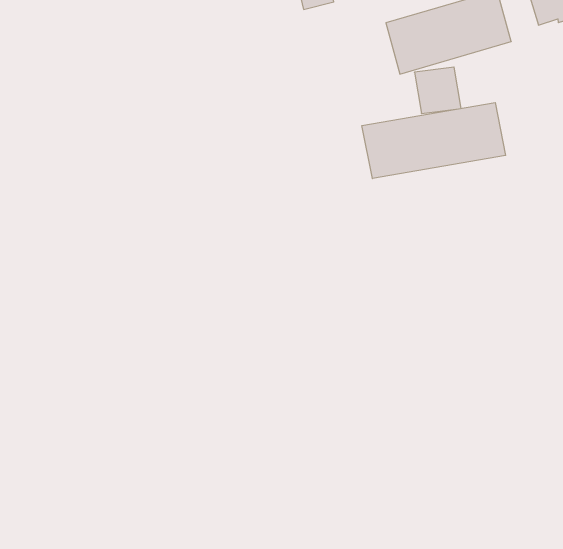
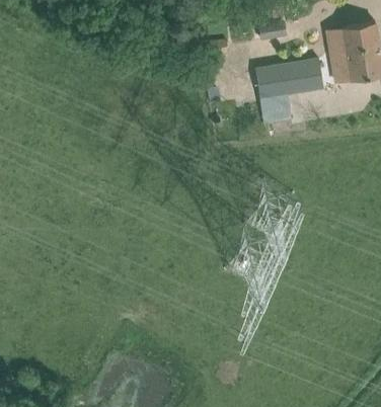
building: [362,103,506,179] -> none

